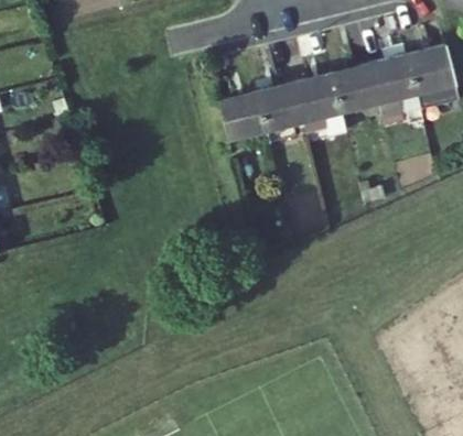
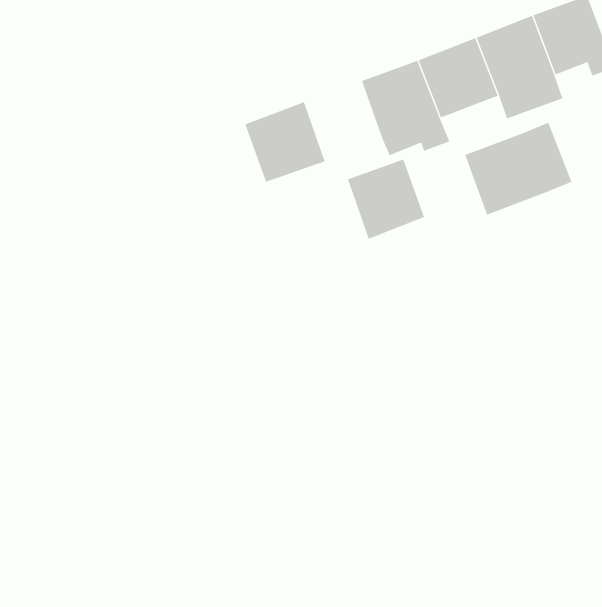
building: [255,83,301,131] -> [347,159,425,239]
building: none -> [464,122,572,216]

